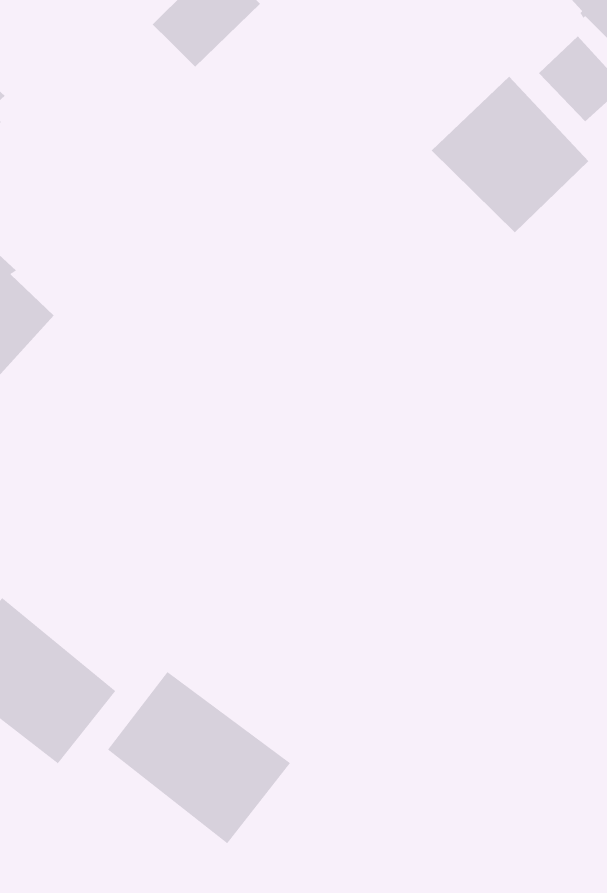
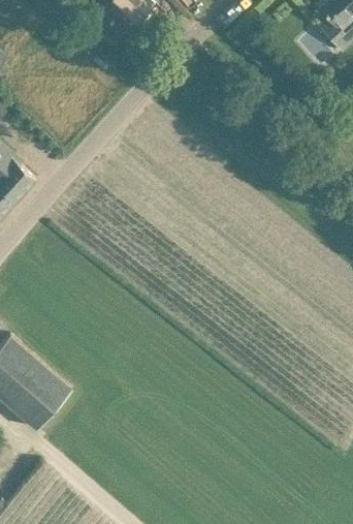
building: [431,76,589,233] -> none
building: [107,671,291,844] -> none

